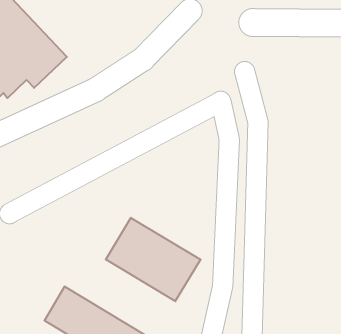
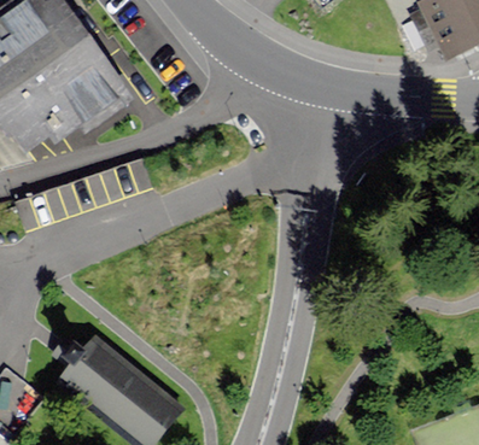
building: [106,218,201,301] -> none

